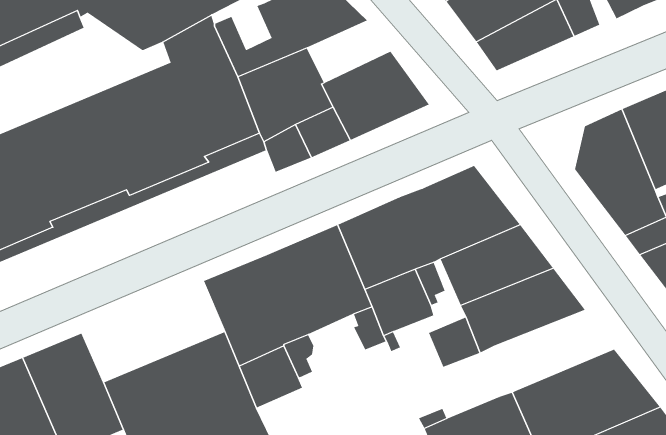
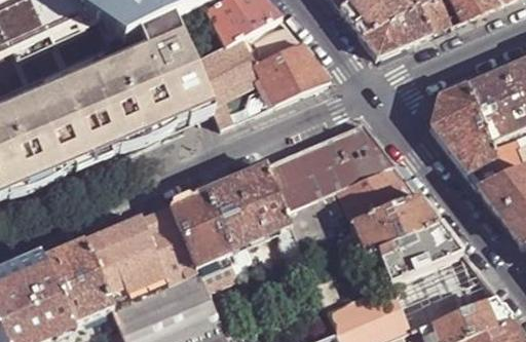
building: none -> [241,20,301,64]
building: none -> [81,204,183,276]
building: none -> [375,225,460,282]

